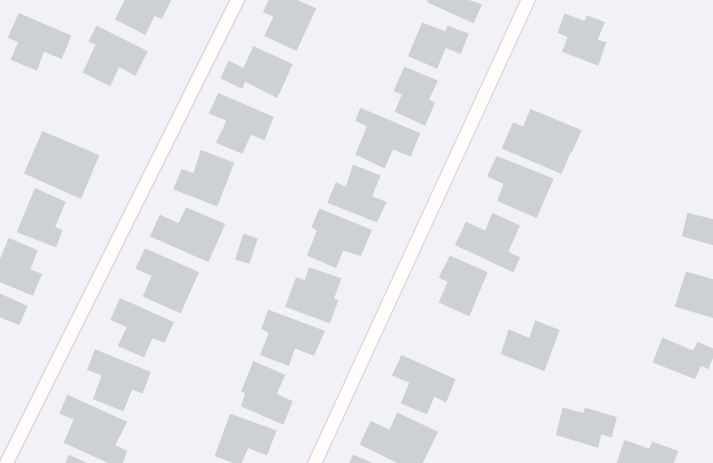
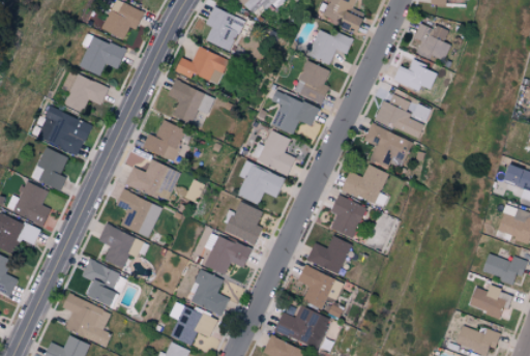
building: [7,12,73,72] -> [62,70,109,113]
building: none -> [393,61,438,90]
building: [499,319,561,372] -> [307,236,351,273]
building: [555,406,618,449] -> [469,287,513,317]

